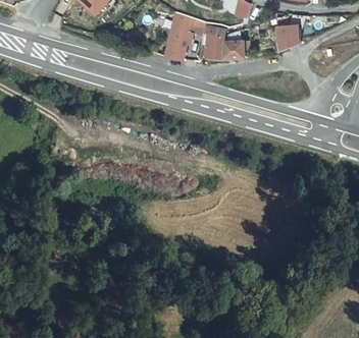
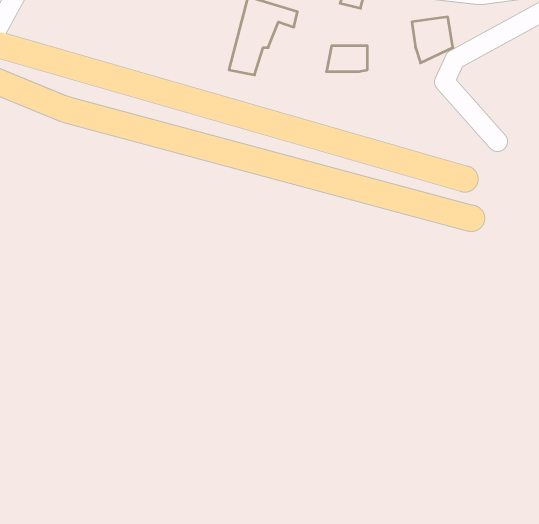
building: [205,33,228,59] -> none

